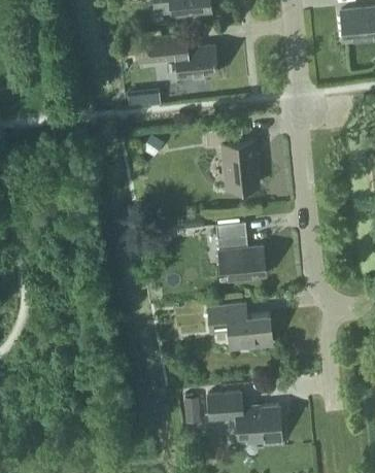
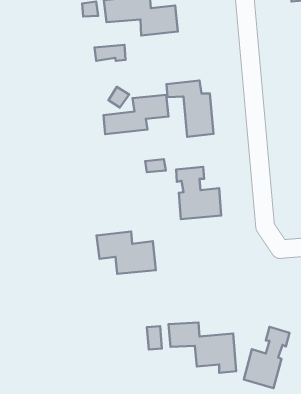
building: none -> [104,95,169,134]
building: [207,303,272,349] -> [97,232,156,274]
building: none -> [244,327,290,388]

